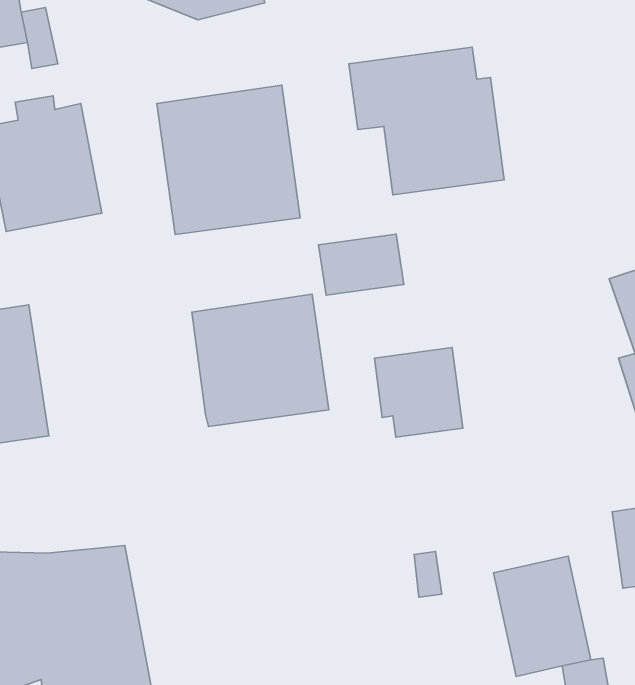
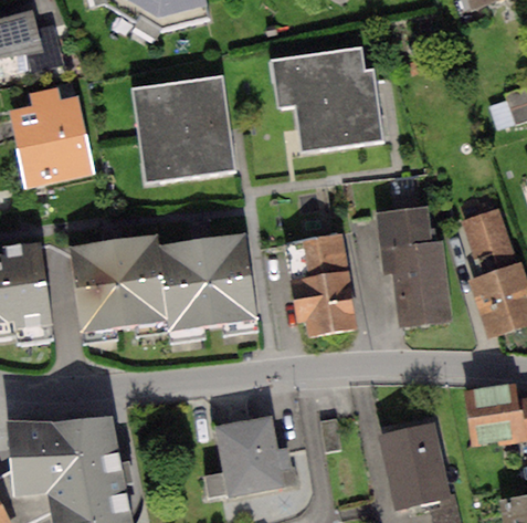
building: [318,234,404,295] -> [286,234,348,279]
building: none -> [375,206,452,326]
building: none -> [68,236,169,332]
building: none -> [217,418,294,495]

